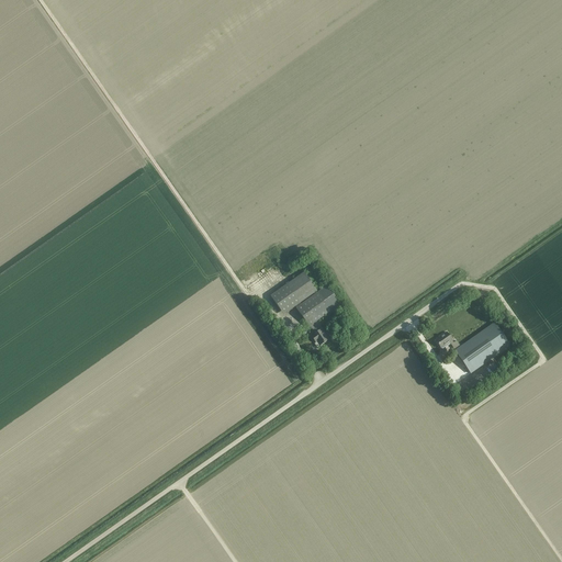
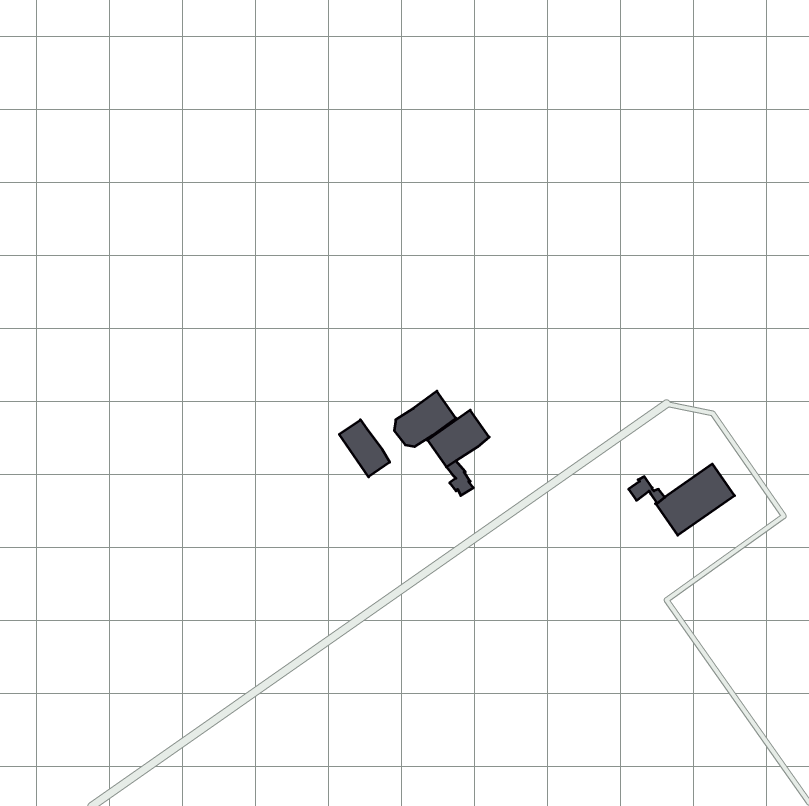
building: none -> [339,420,390,477]

